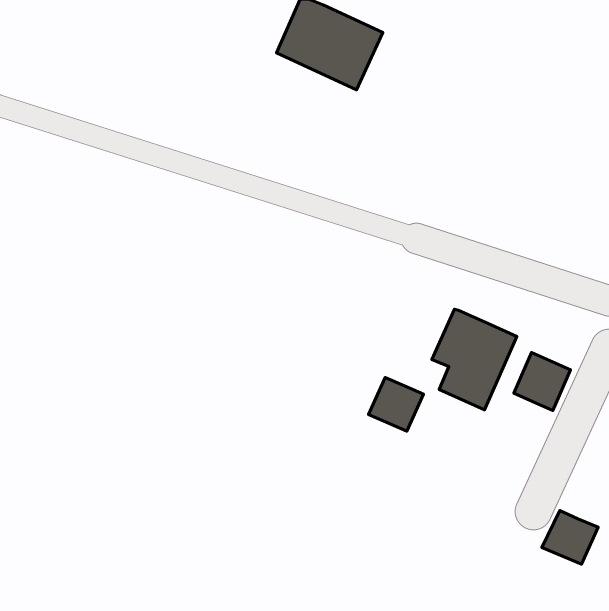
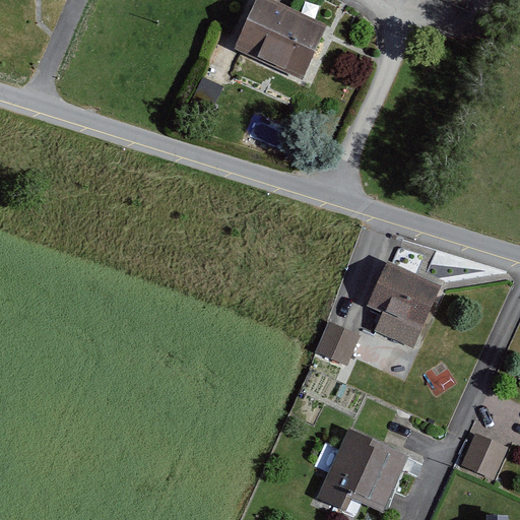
building: [514,352,570,411] -> none
building: none -> [315,429,406,512]

